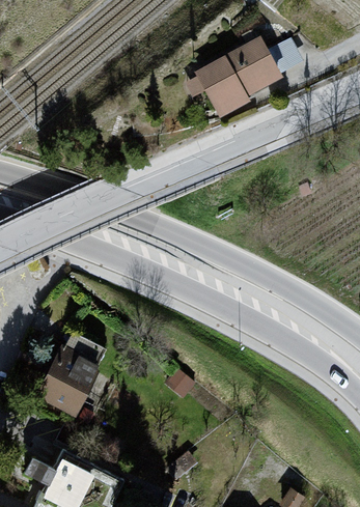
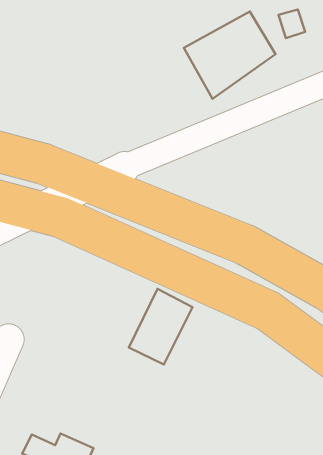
building: [40,346,103,420] -> [129,289,193,365]

